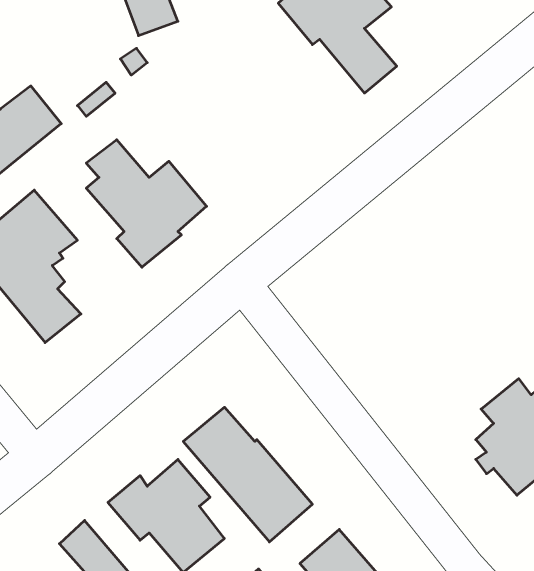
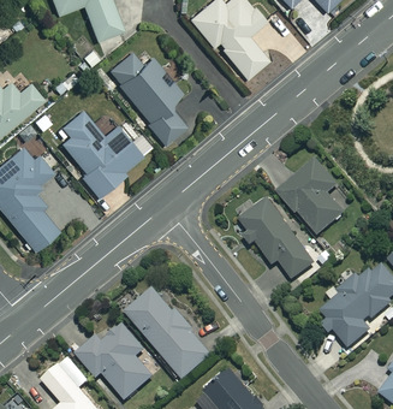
building: none -> [107,49,186,143]
building: none -> [278,159,343,235]
building: none -> [239,198,314,279]

